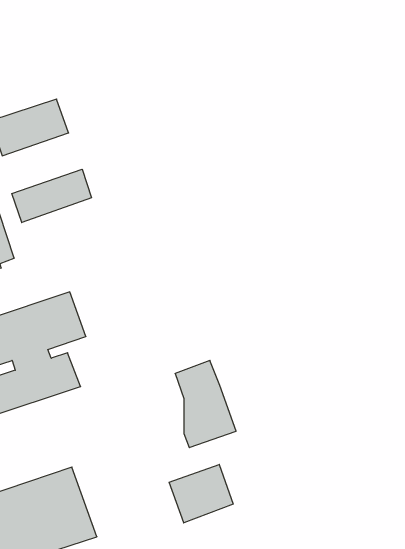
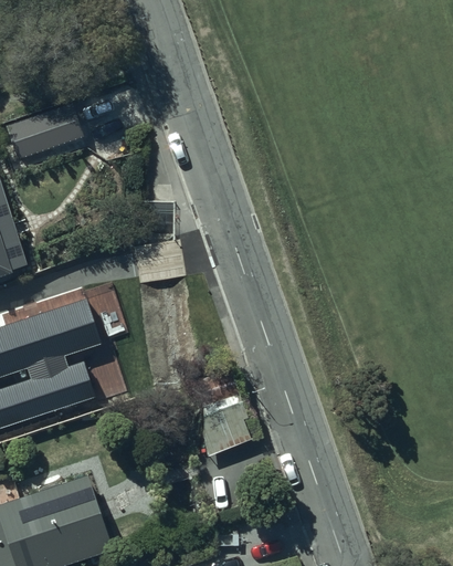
building: [12,169,91,223] -> none
building: [169,464,233,523] -> none

